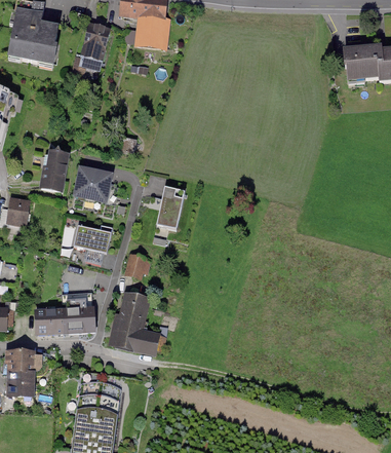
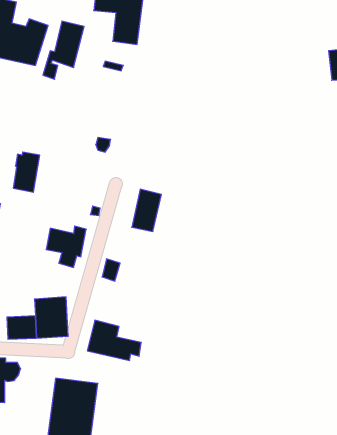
building: [75,169,115,200] -> none
building: [119,288,150,320] -> none

